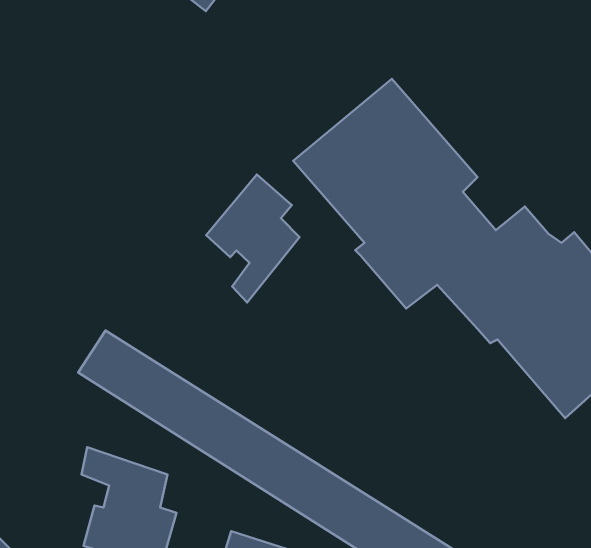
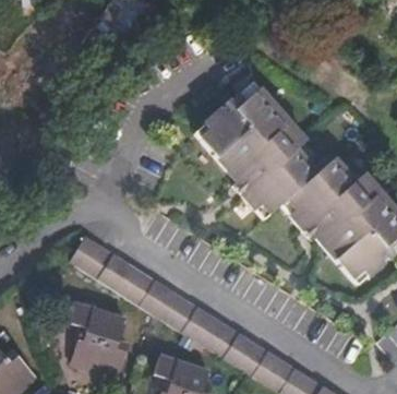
building: [206,174,299,303] -> none

